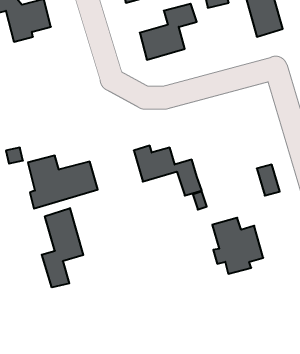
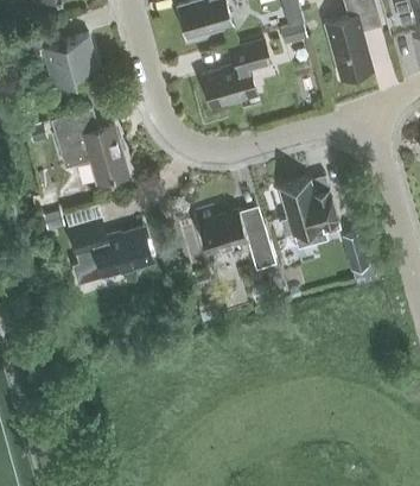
building: none -> [51,108,129,184]
building: [42,208,83,287] -> none
building: [212,218,263,274] -> [280,181,341,247]

